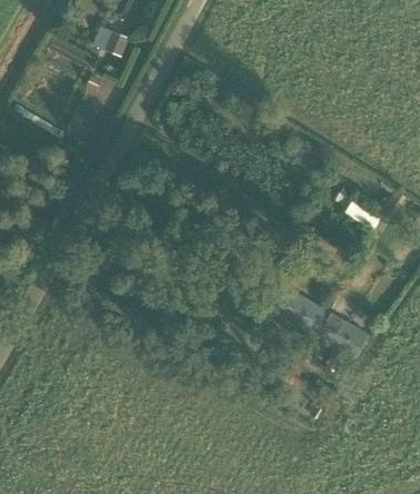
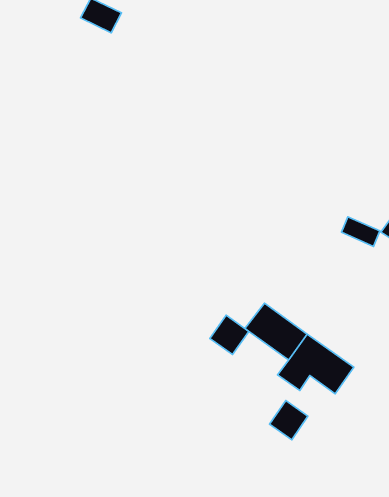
building: none -> [210,315,249,355]
building: none -> [270,400,308,440]

